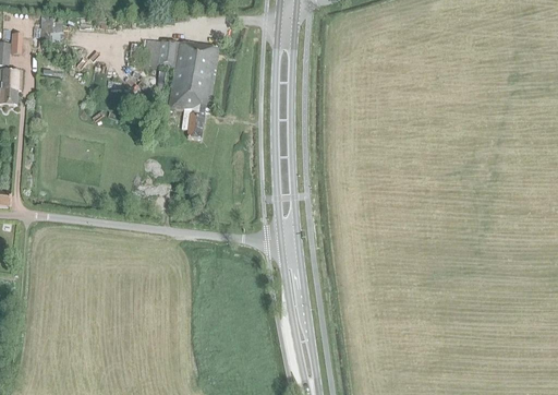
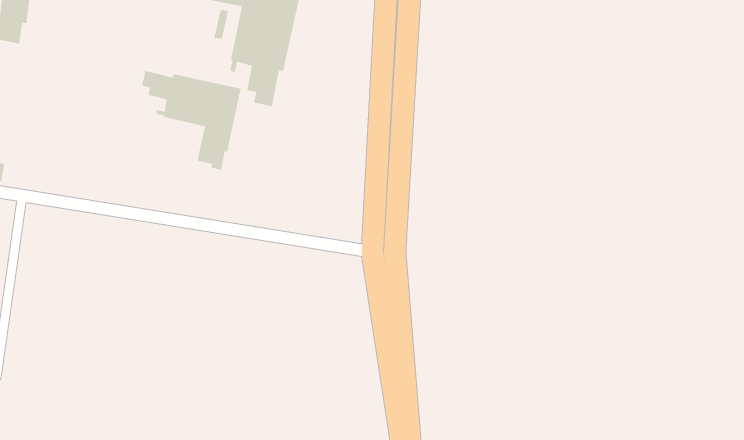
building: none -> [142,70,241,171]

